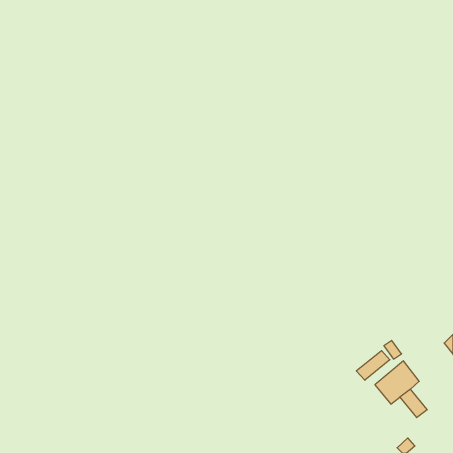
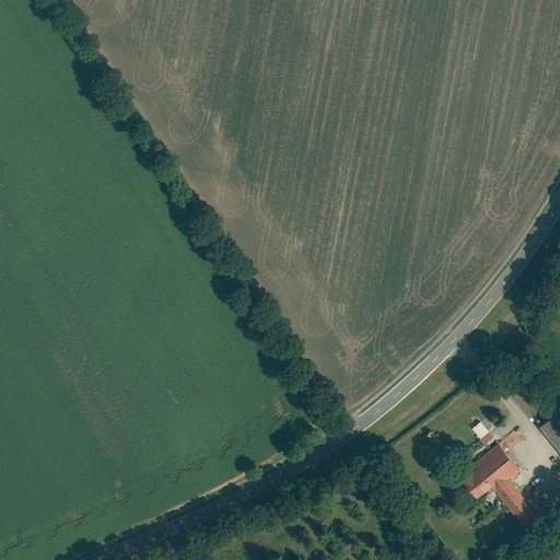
building: [356,351,390,380] -> none

